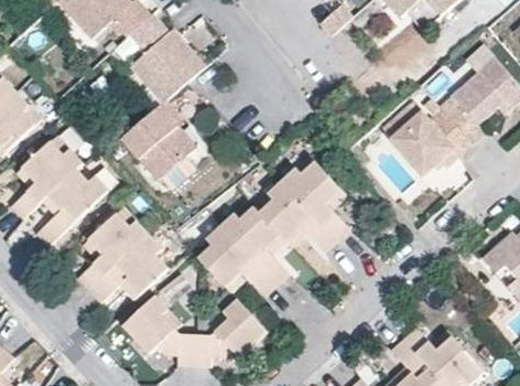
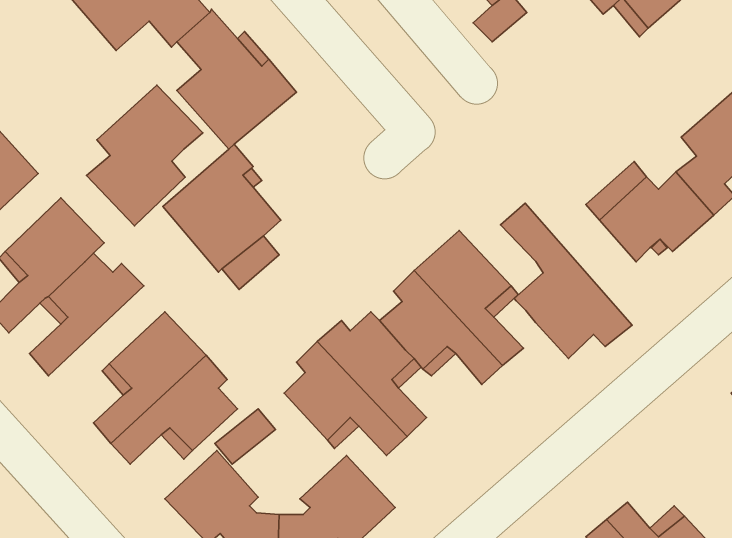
building: none -> [86,85,203,226]
building: none -> [501,203,632,358]

